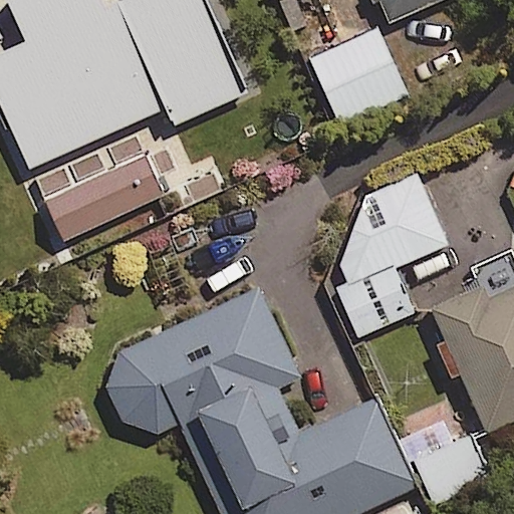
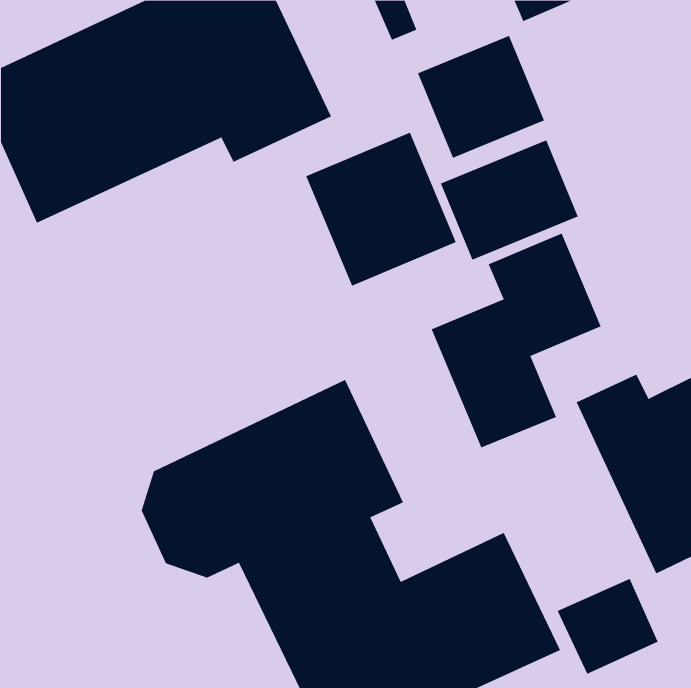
building: none -> [306,132,457,286]
building: none -> [440,139,578,260]
building: [45,151,165,242] -> none

